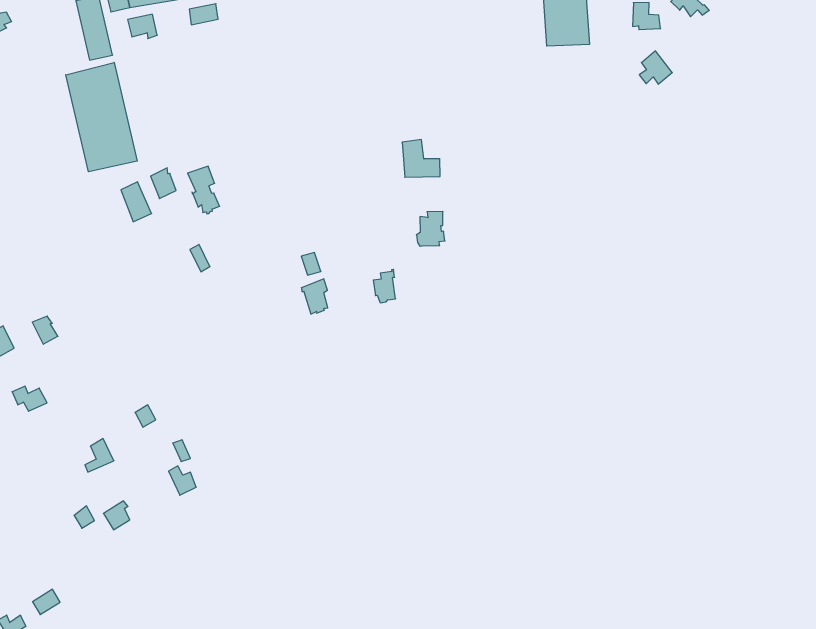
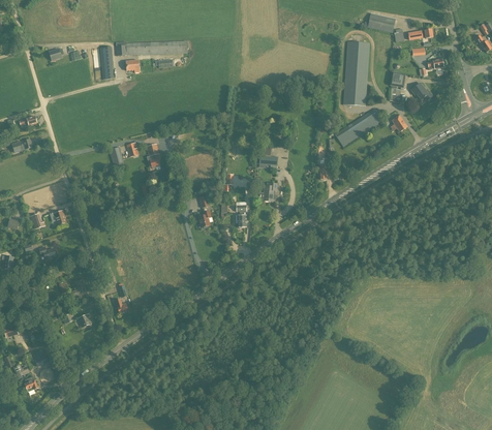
building: none -> [335,108,383,147]
building: [66,62,137,172] -> none

